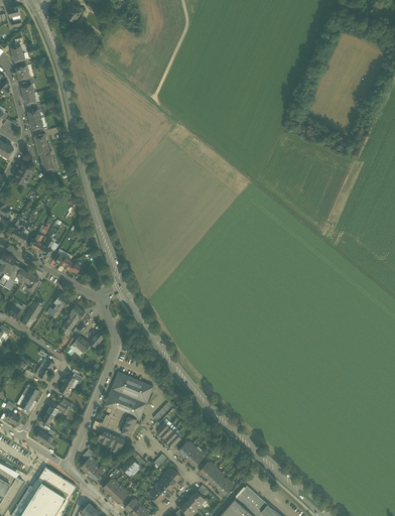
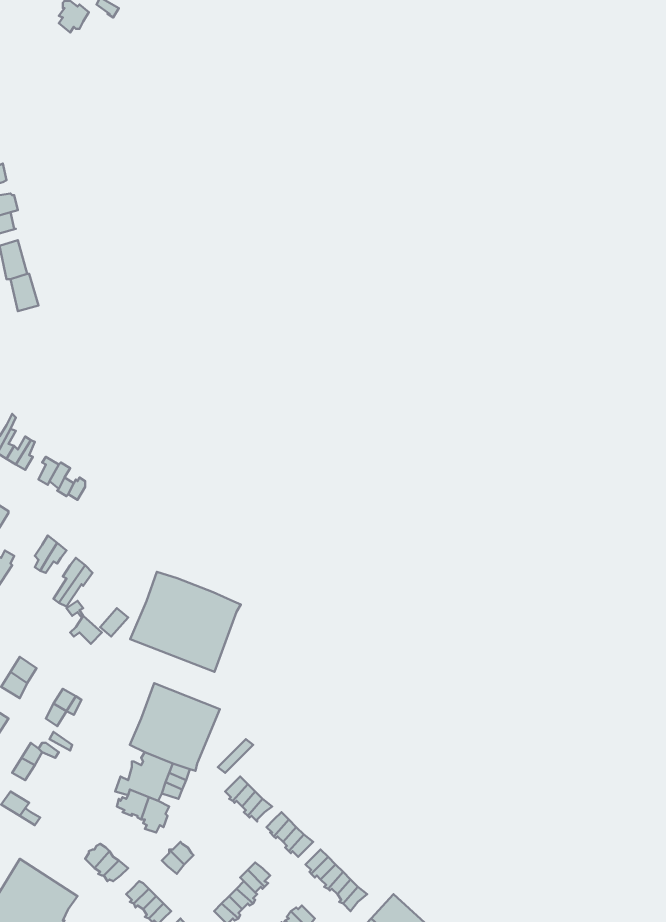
building: none -> [130,572,241,672]

